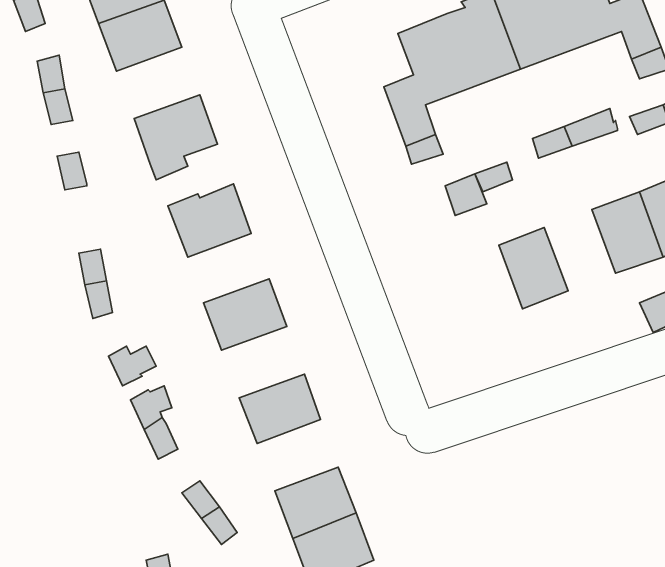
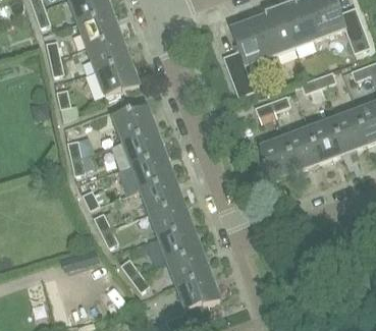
building: none -> [87,36,129,72]
building: none -> [307,119,343,161]
building: none -> [123,131,165,167]
building: none -> [261,137,296,179]
building: none -> [141,179,183,216]
building: none -> [159,227,201,264]

